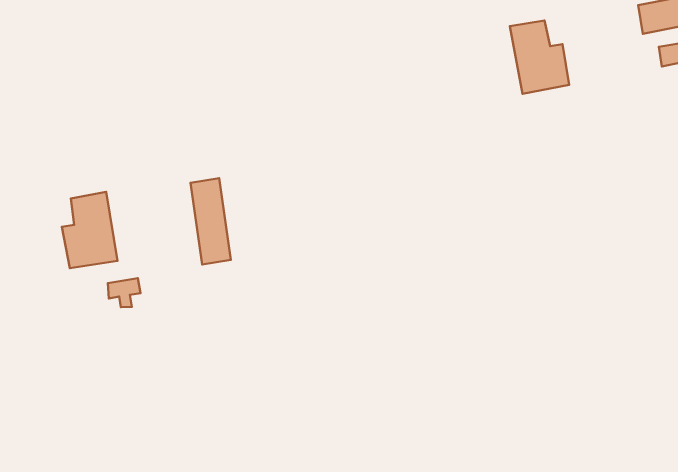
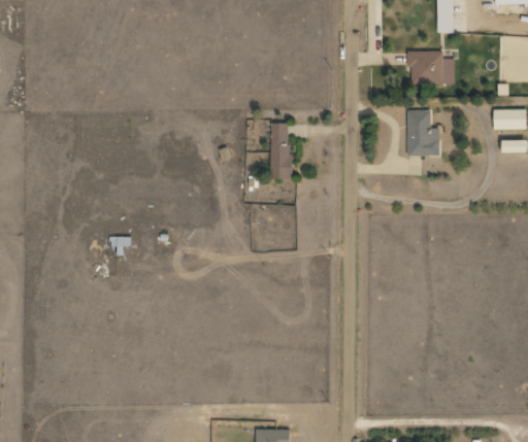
building: [190,178,231,265] -> [270,124,291,179]
building: [62,192,117,268] -> none

